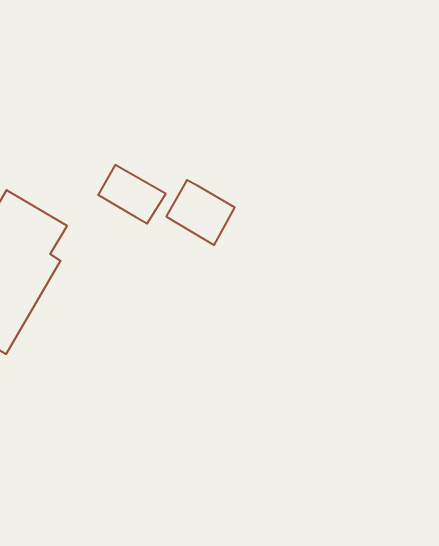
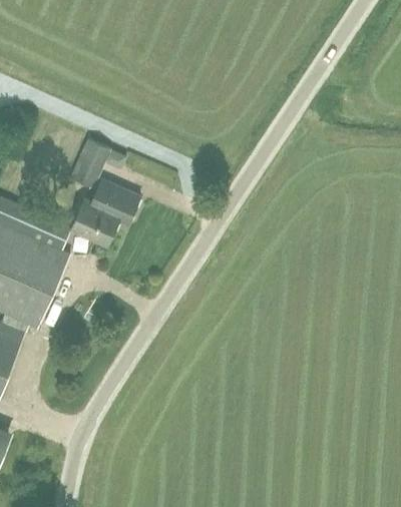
building: none -> [71,140,126,187]
building: [166,180,235,245] -> [71,200,120,245]

